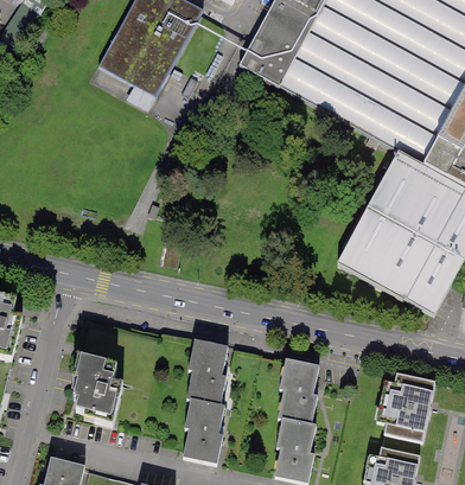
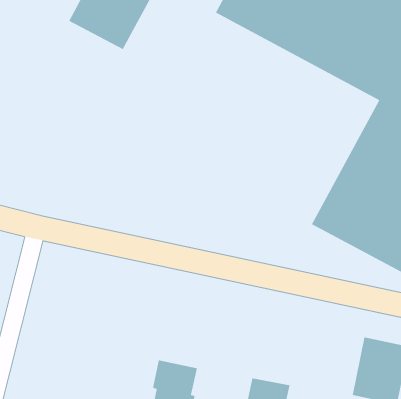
building: [186,342,233,406] -> none
building: [69,359,126,421] -> none
building: [279,362,323,423] -> none

